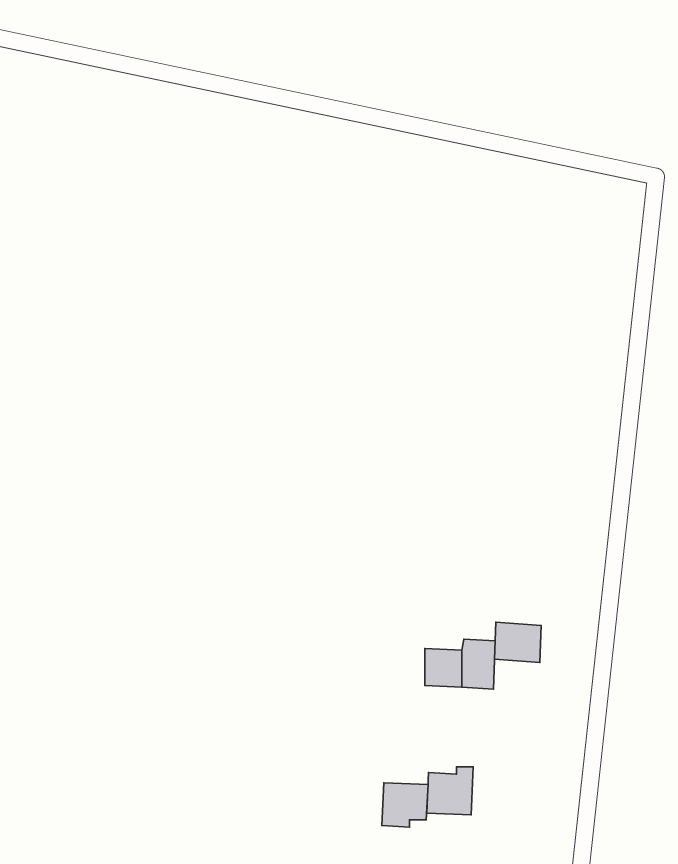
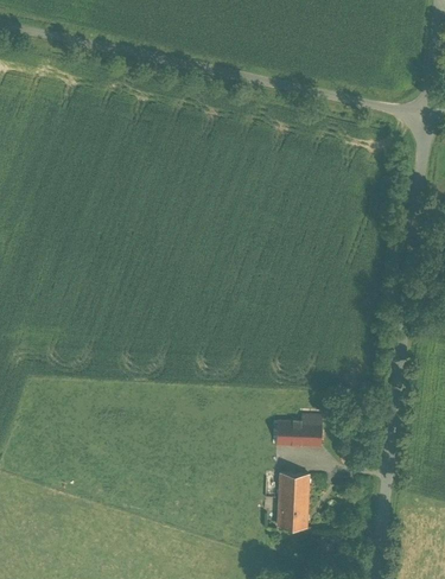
building: [495,622,541,663] -> none
building: [382,783,428,827] -> [279,473,309,502]

